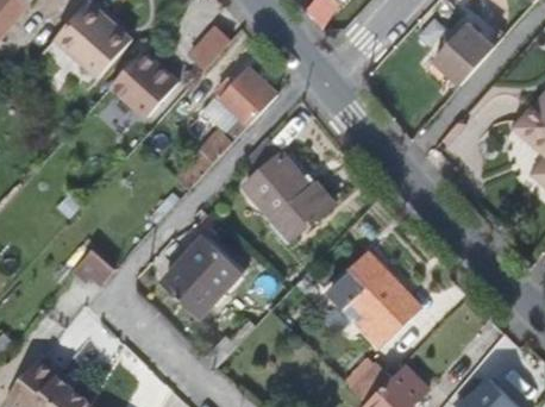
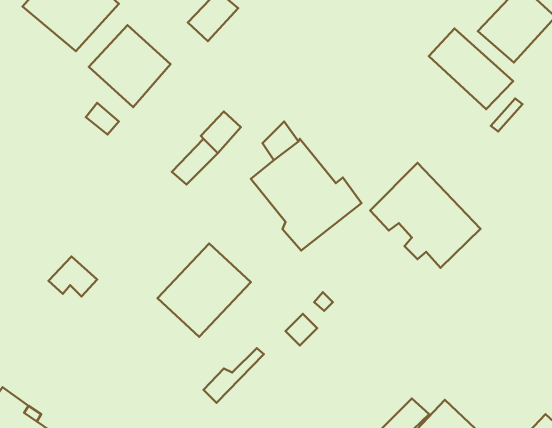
building: none -> [429,28,513,109]
building: [221,67,277,124] -> none
building: [326,252,418,339] -> [370,163,481,268]

